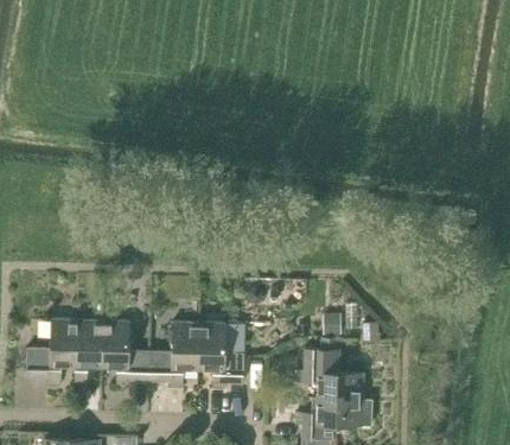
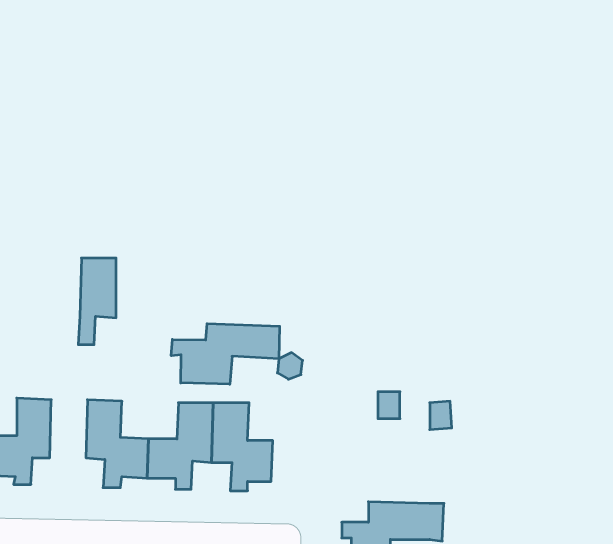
building: none -> [171,324,280,384]
building: [74,320,102,386] -> [78,258,116,345]
building: [297,337,363,399] -> none

